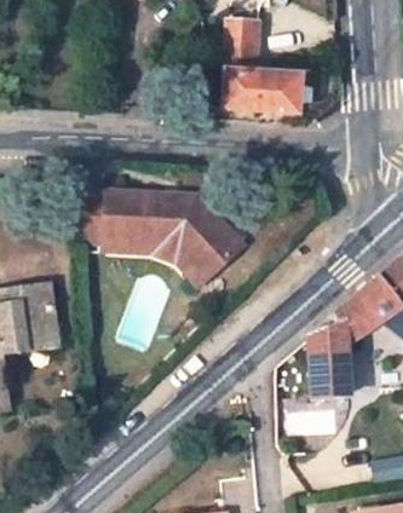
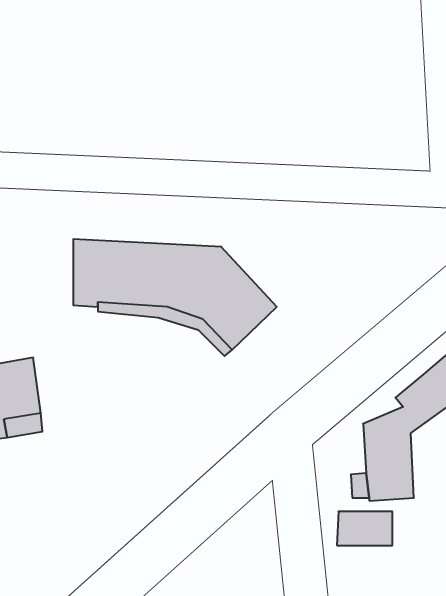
building: [223,23,298,113] -> none

